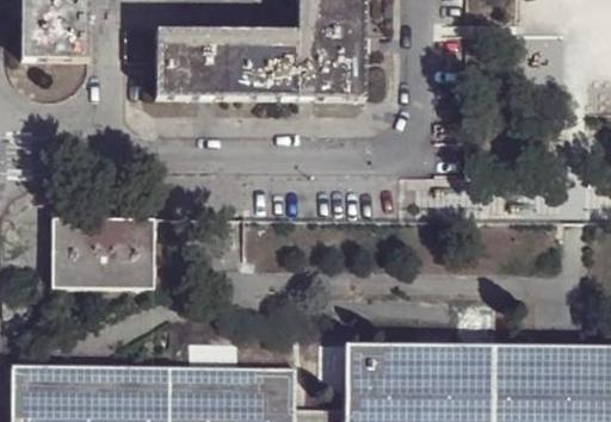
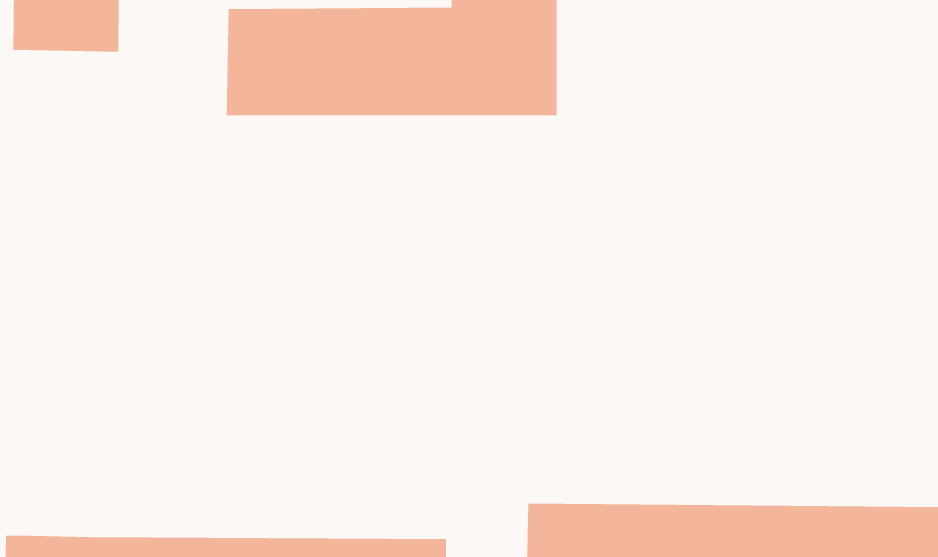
building: [53,216,156,286] -> none

